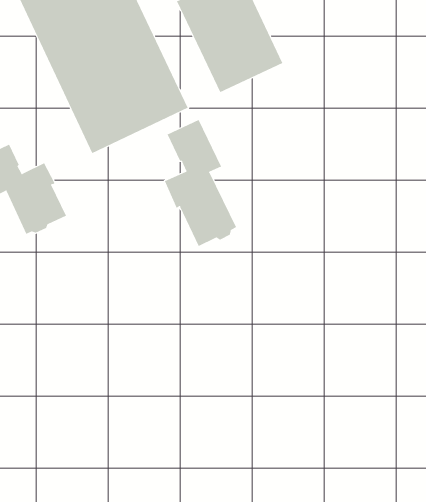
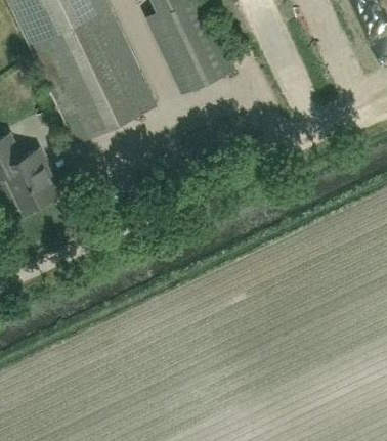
building: [164,119,237,247] -> none

